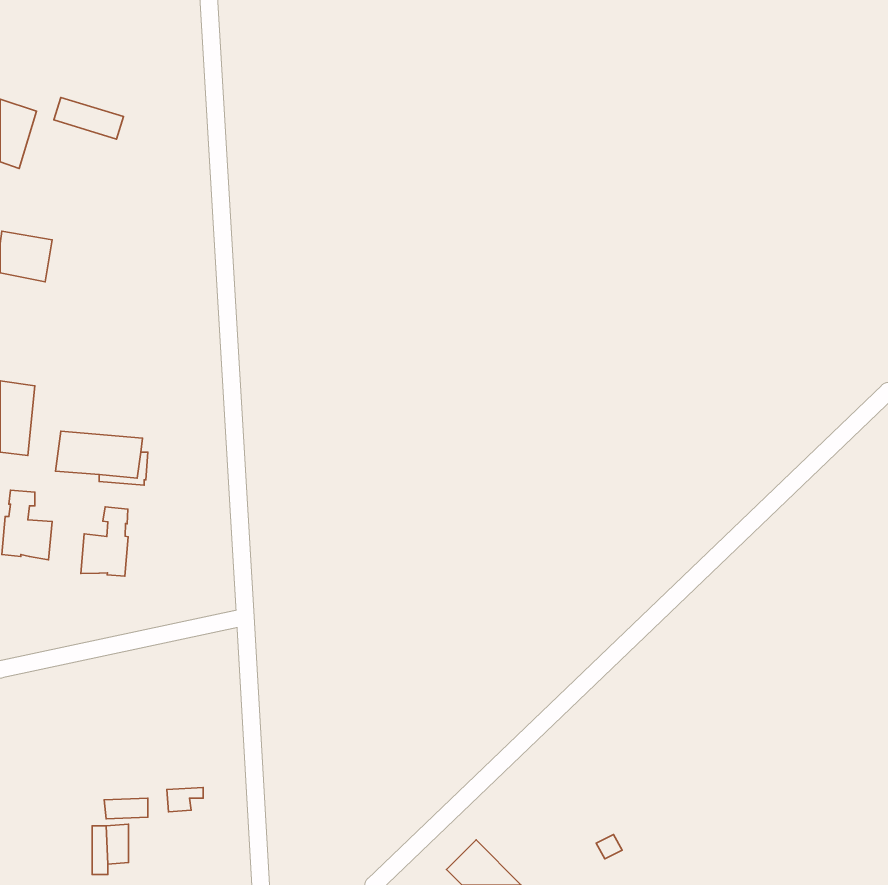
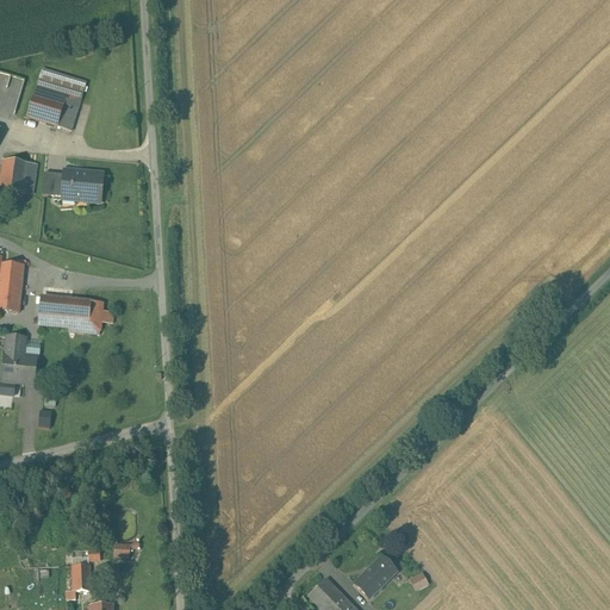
building: none -> [26,82,81,129]
building: none -> [42,170,101,201]
building: [81,507,128,576] -> none
building: none -> [353,555,397,598]

